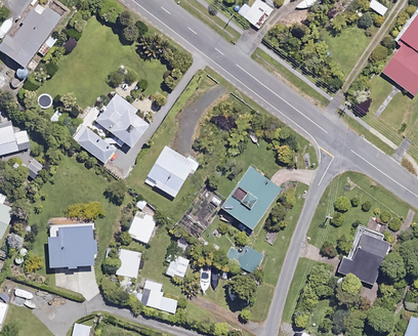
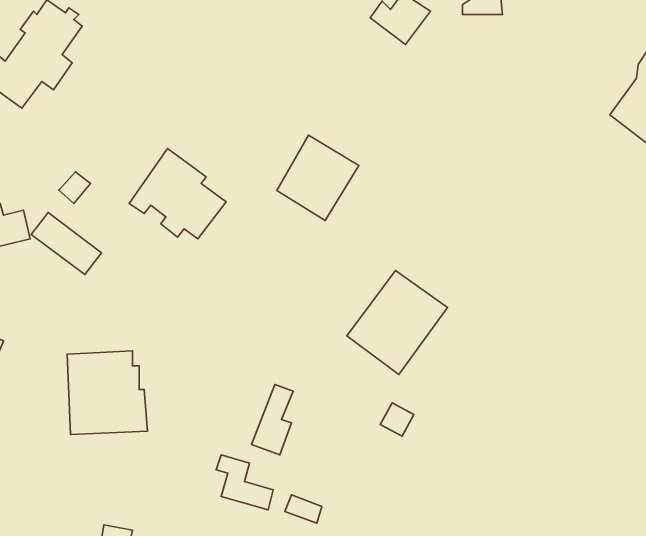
building: [71,124,114,162] -> [31,213,102,275]
building: [147,144,197,197] -> [277,135,359,221]
building: [126,210,156,242] -> none
building: [335,227,387,284] -> none
building: [116,248,140,277] -> none

